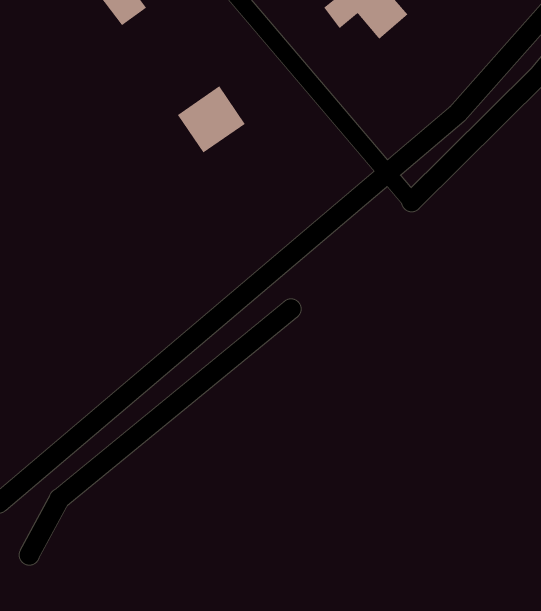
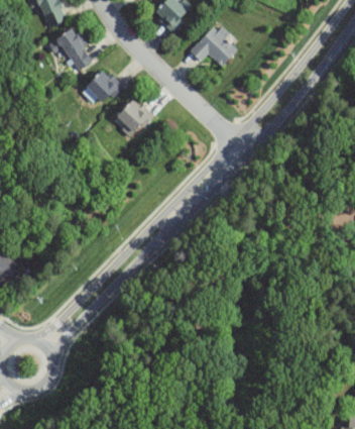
building: none -> [86,69,123,105]

